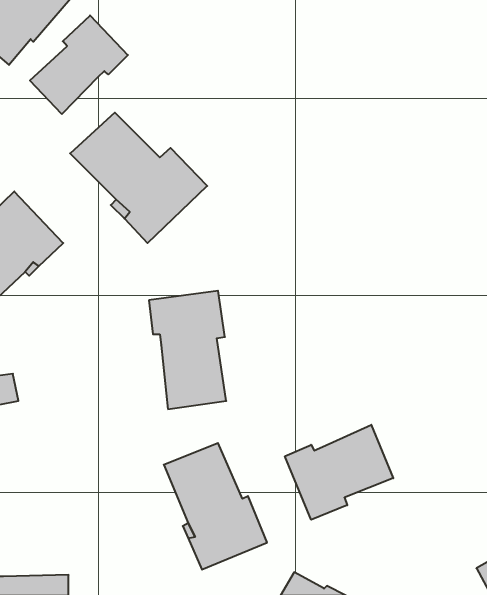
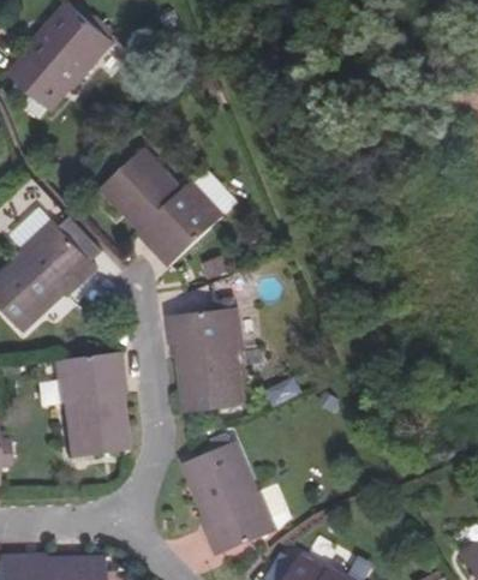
building: [30,15,128,114] -> none
building: none -> [54,352,125,458]
building: [285,425,393,520] -> none

